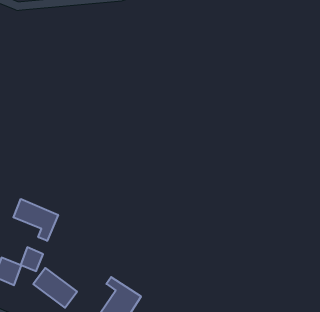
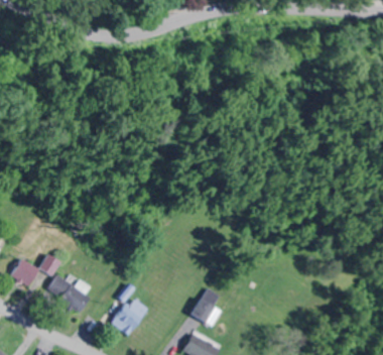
building: [13,199,58,241] -> none
building: none -> [193,288,220,323]

